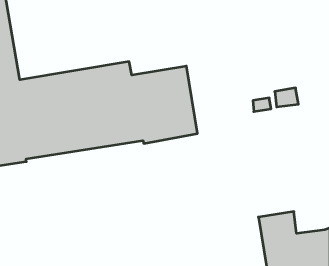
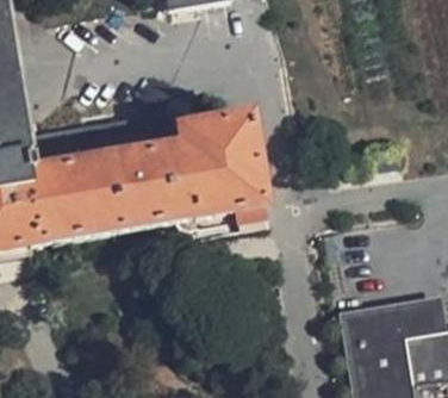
building: none -> [392,304,433,338]

